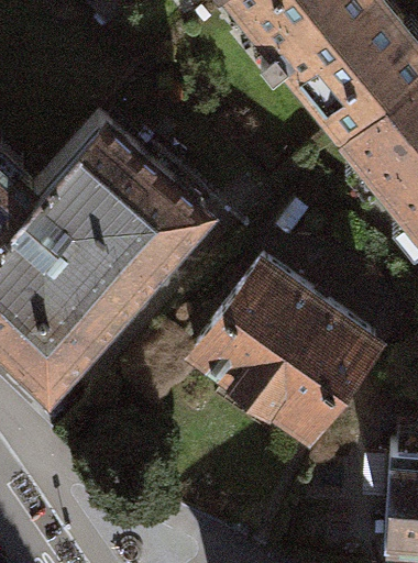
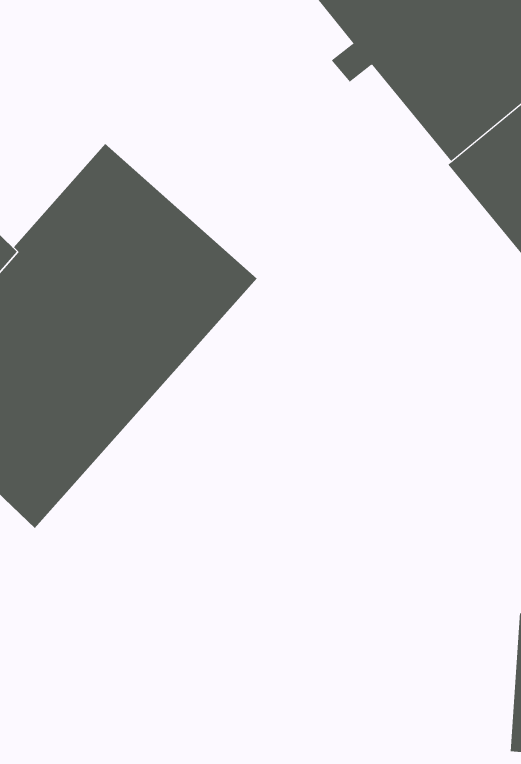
building: [197,265,376,438] -> none

